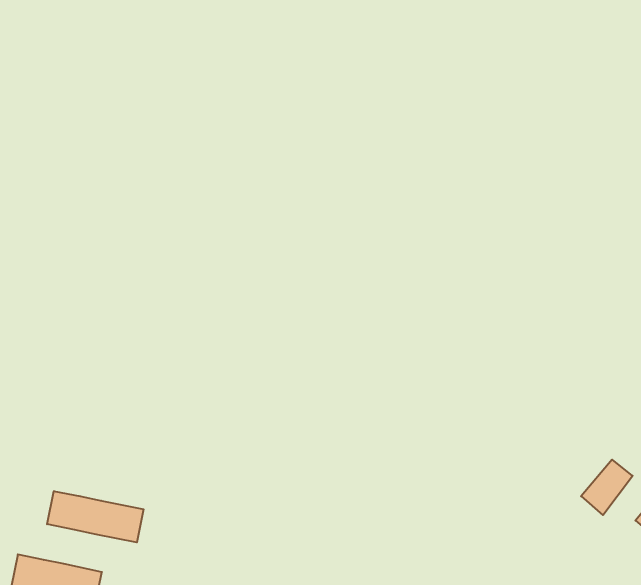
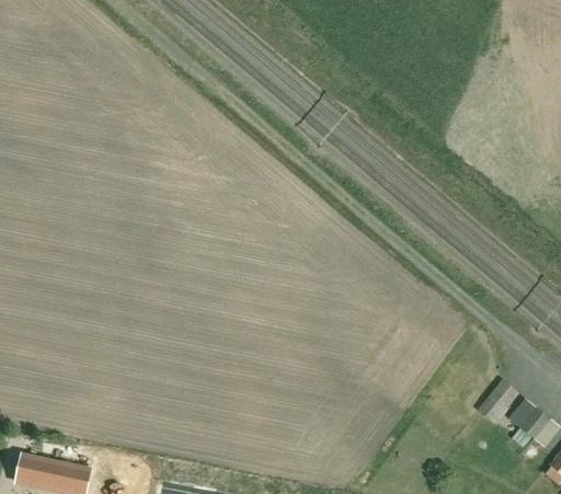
building: [47,491,144,542] -> none

